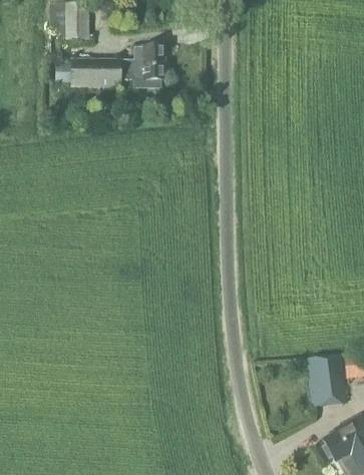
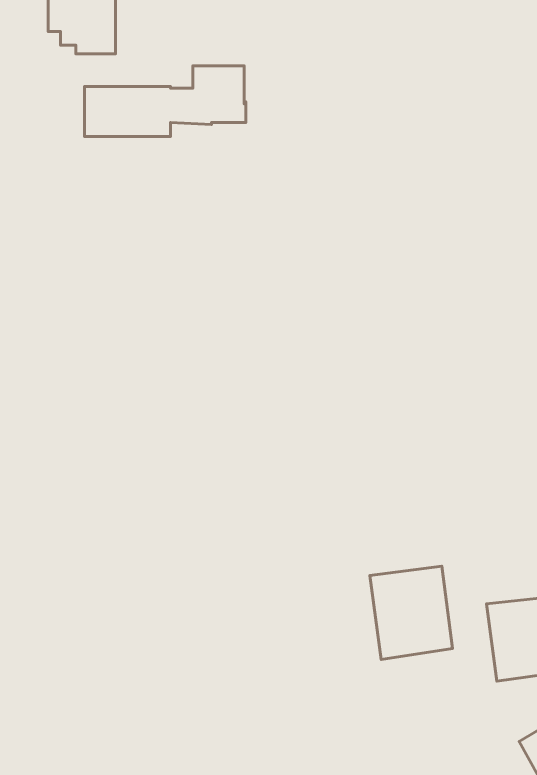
building: none -> [370,566,453,660]

